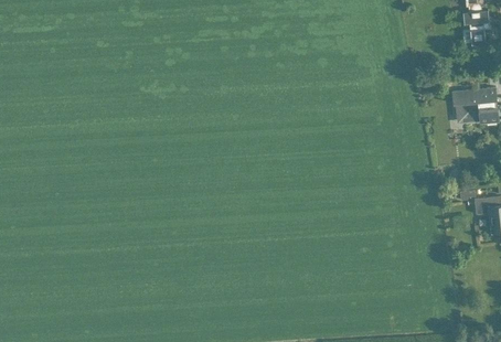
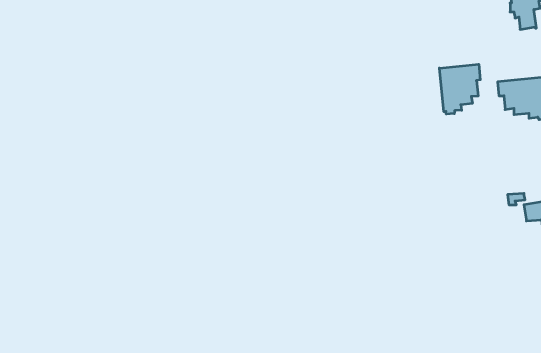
building: none -> [439,64,480,114]

